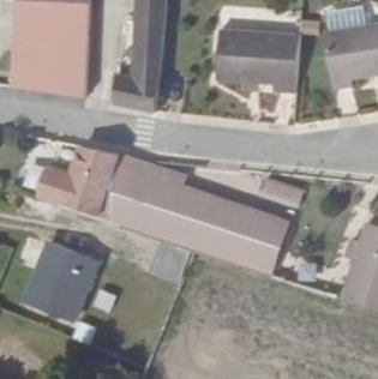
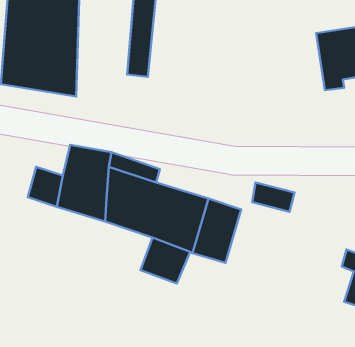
building: [212,30,299,94] -> none
building: [112,72,157,108] -> none
building: [234,207,284,271] -> none
building: [29,239,100,318] -> none

